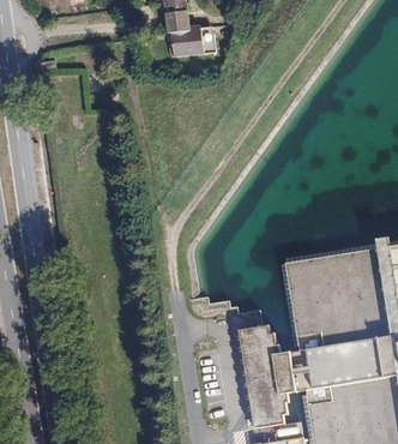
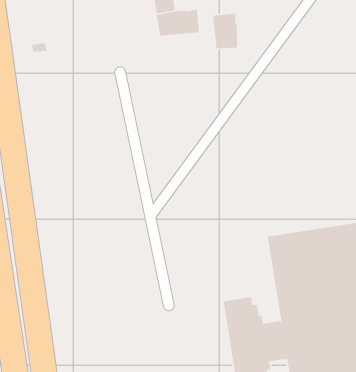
building: none -> [212,13,238,49]

